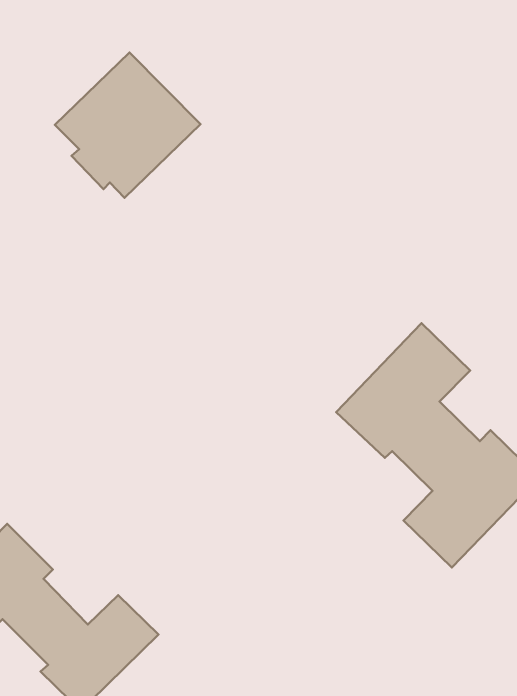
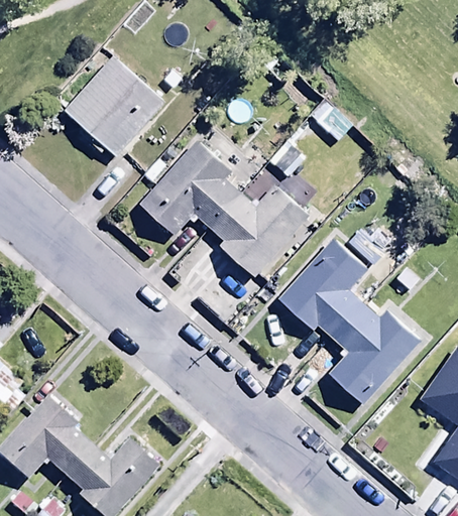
building: none -> [140,138,308,286]

